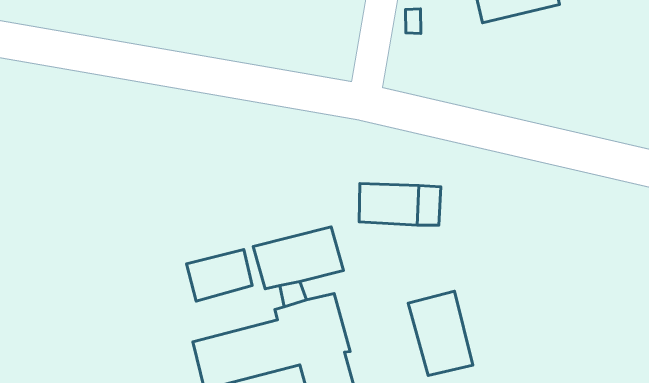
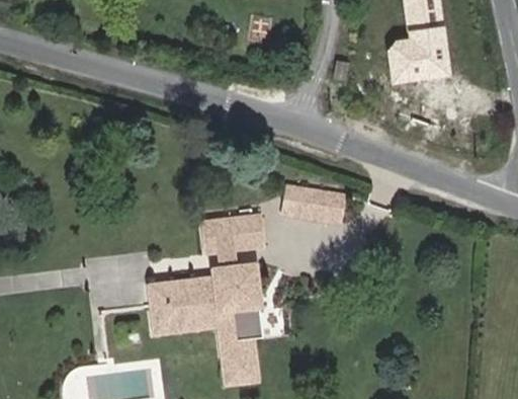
building: [187,250,252,301] -> none
building: [408,291,473,375] -> none

